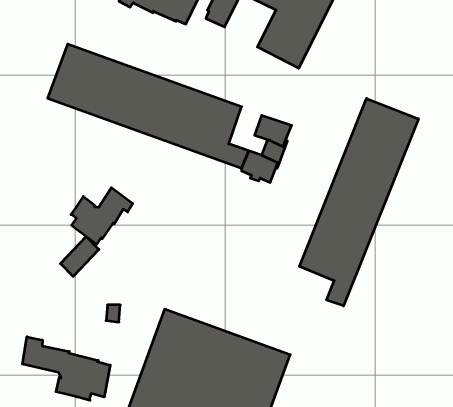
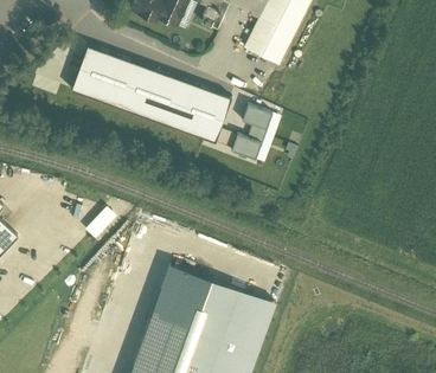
building: [299,98,418,306] -> none
building: [71,188,133,244] -> none
building: [22,337,110,400] -> none

